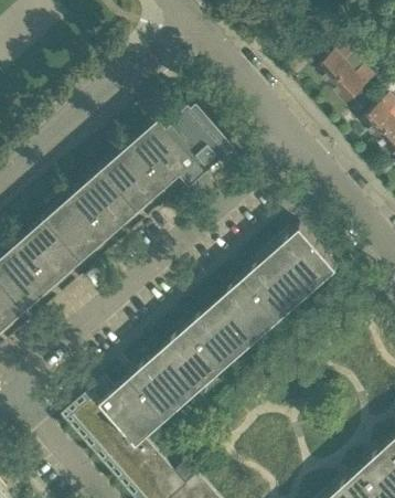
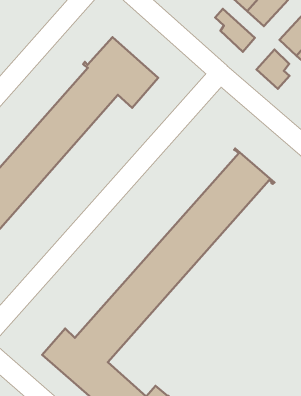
building: none -> [215,9,255,52]
building: none -> [257,49,289,89]

